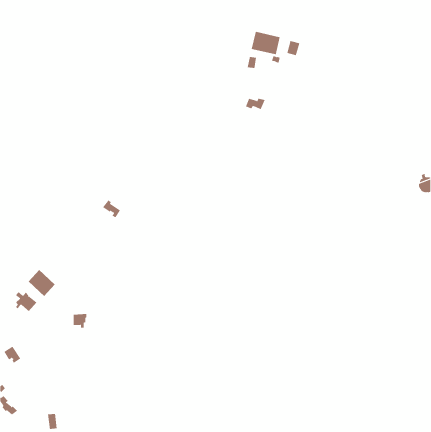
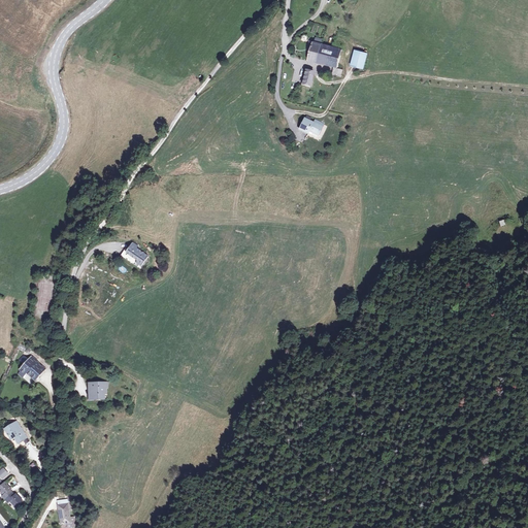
building: [28,269,56,297] -> none

